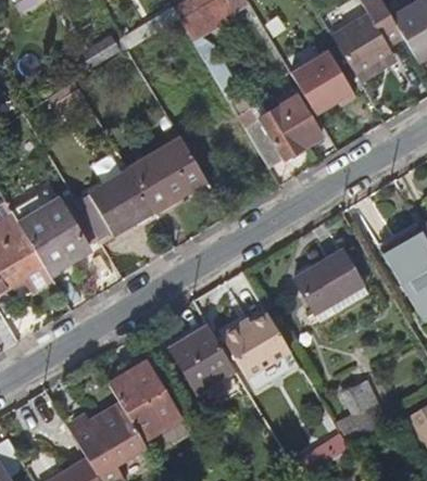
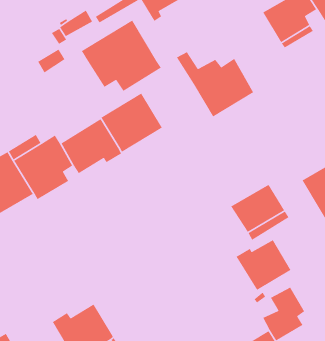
building: none -> [81,20,162,92]
building: [291,50,357,113] -> none
building: [221,313,291,378] -> [235,239,291,291]
building: [171,327,235,393] -> none
building: [110,360,183,441] -> none

